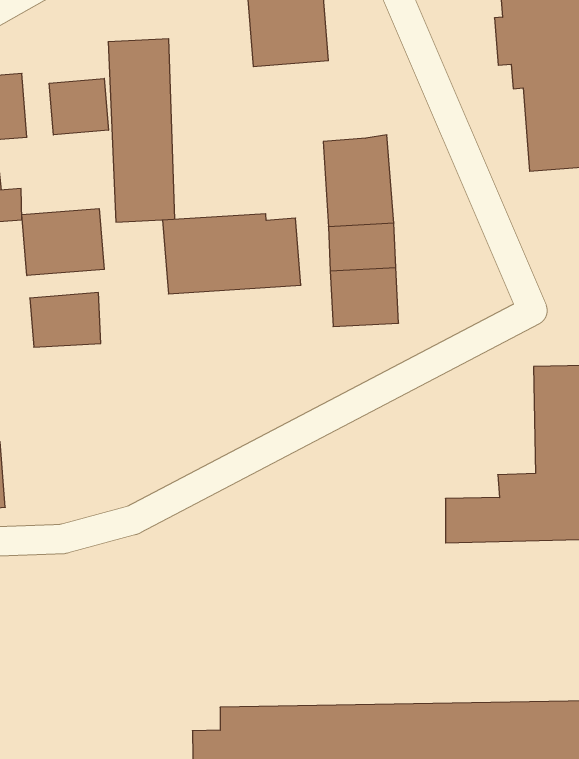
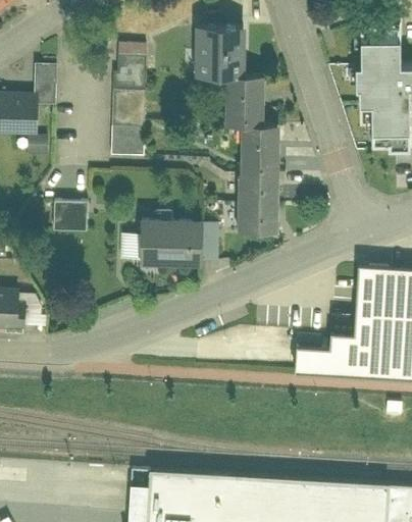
building: none -> [227,71,265,121]
building: [49,78,108,135] -> none
building: [22,209,104,276] -> none
building: [163,214,301,294] -> [139,215,221,262]

